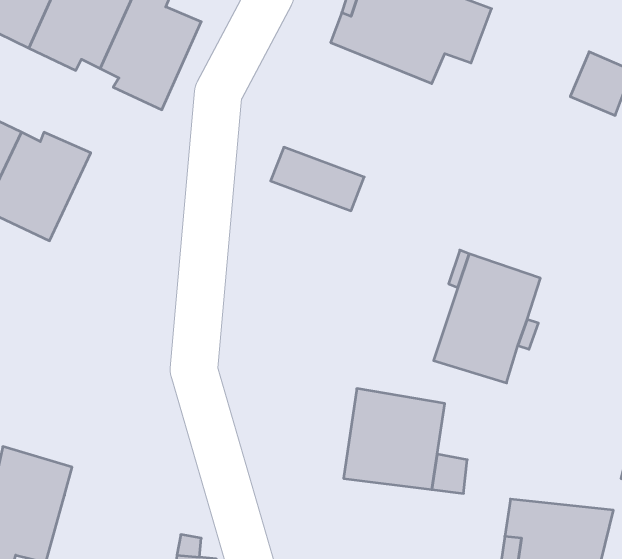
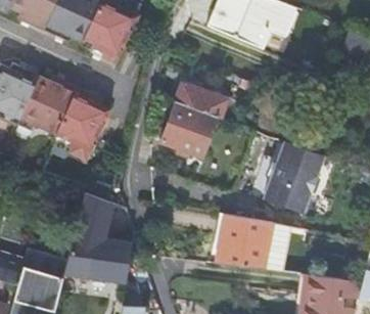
building: none -> [55,86,111,161]
building: none -> [161,101,217,158]
building: none -> [63,192,131,281]

